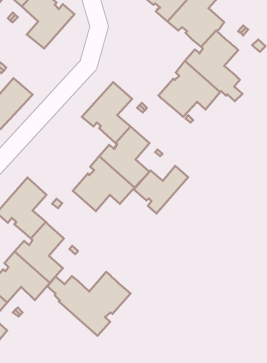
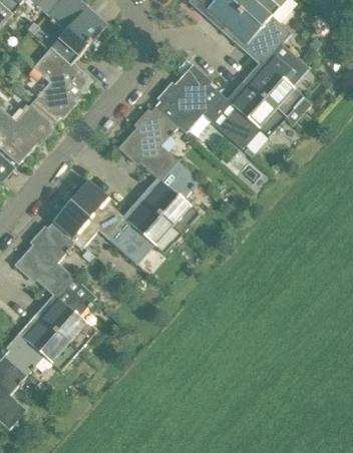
building: none -> [32,47,92,120]
building: none -> [154,64,228,131]
building: none -> [50,179,123,247]
building: [134,166,188,214] -> none
building: [48,272,130,336] -> none

